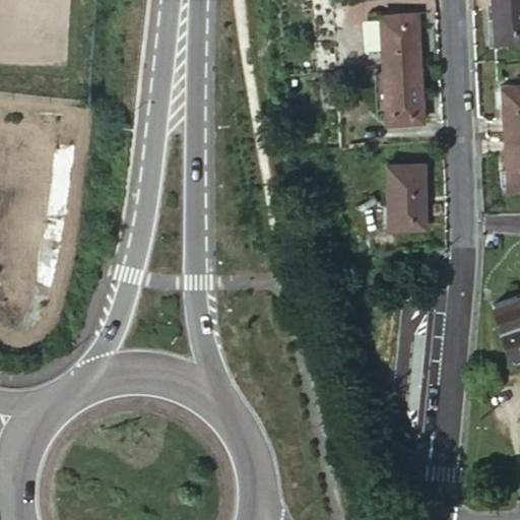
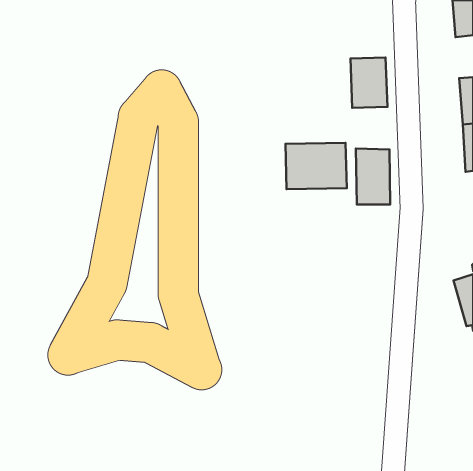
building: [381,13,421,68] -> none
building: none -> [285,143,347,189]

